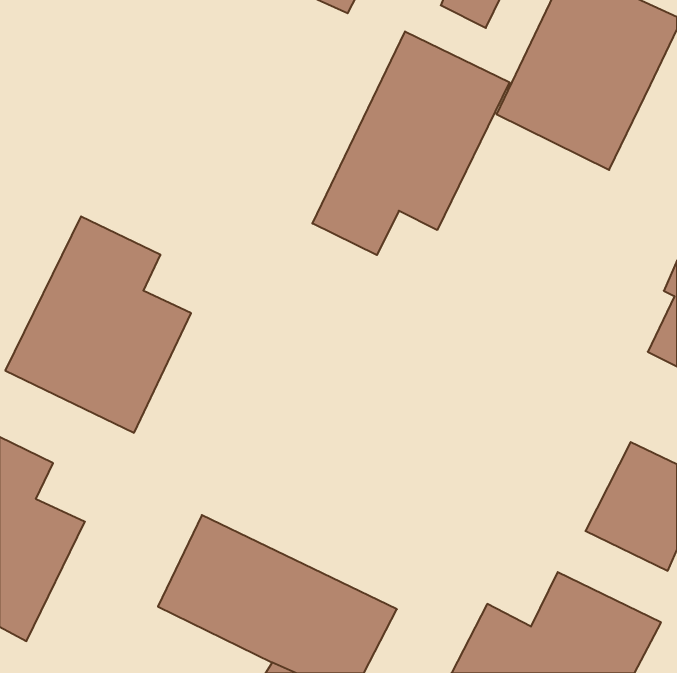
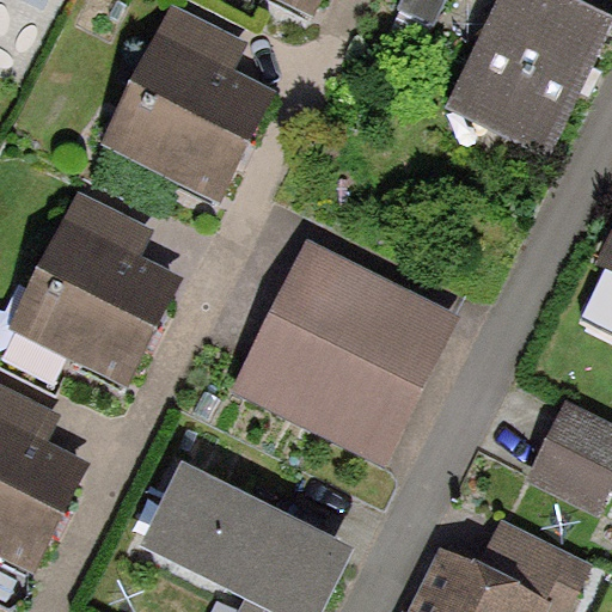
building: none -> [102,8,270,203]
building: [312,31,510,255] -> none
building: none -> [232,237,460,464]

